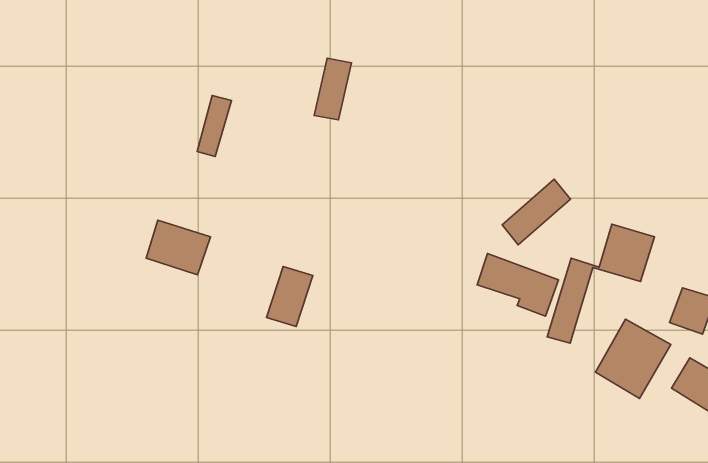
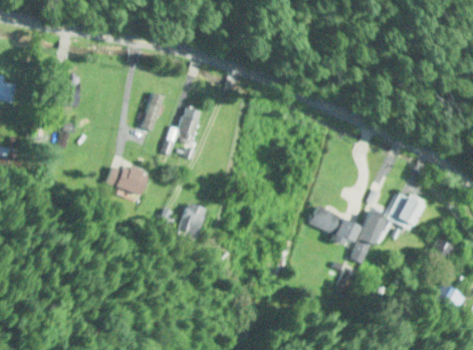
building: [314,58,352,120] -> [176,104,202,143]
building: [502,179,570,245] -> none
building: [595,319,671,398] -> none

